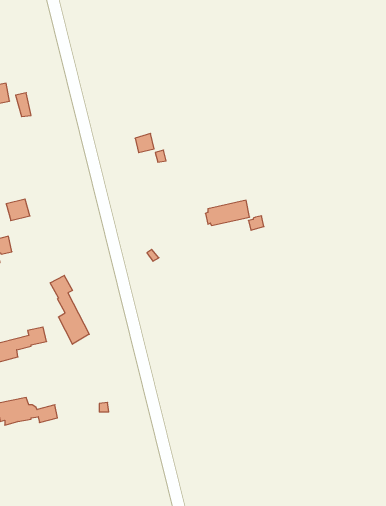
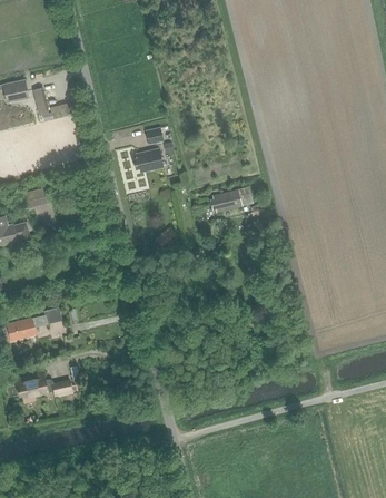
building: none -> [132,148,162,172]
building: [50,275,89,344] -> none

